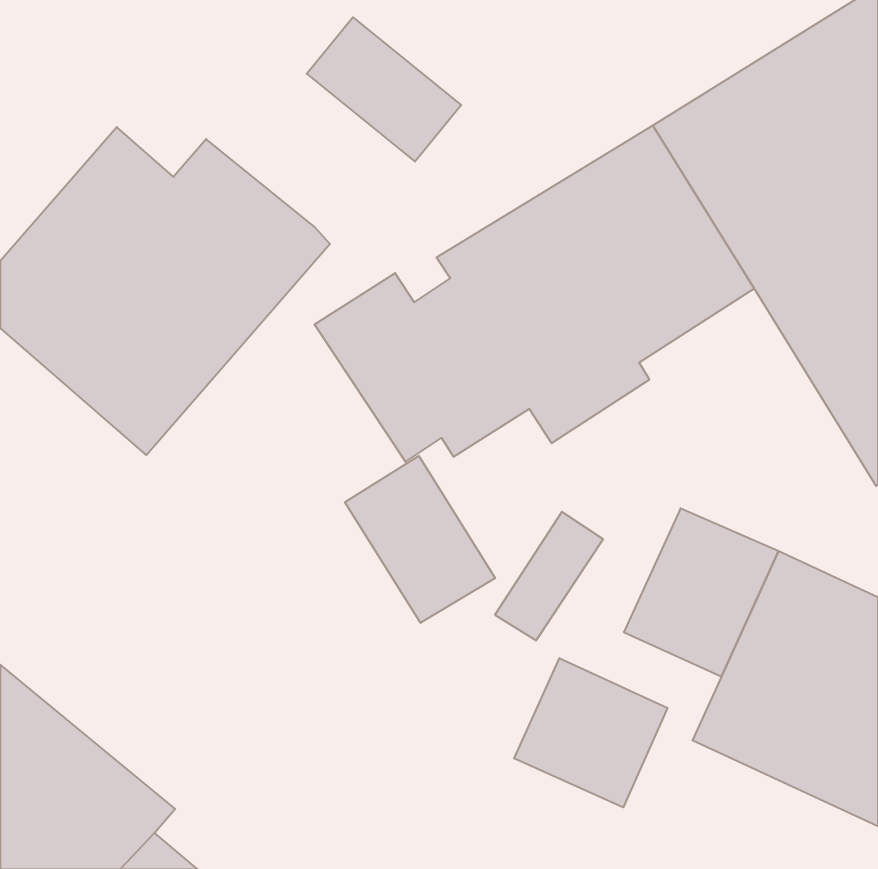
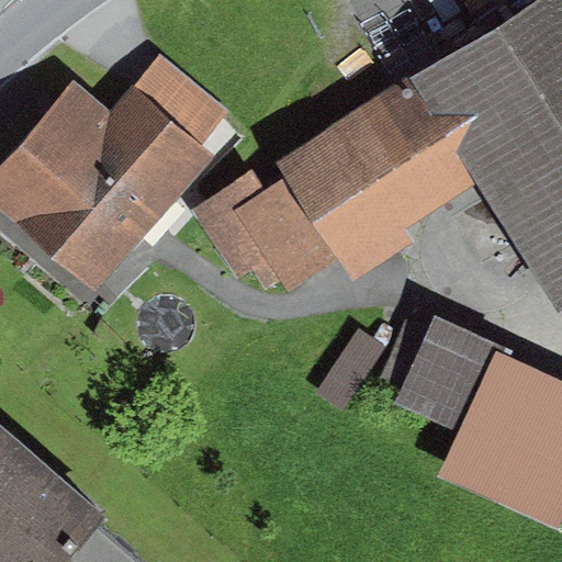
building: [307,17,461,162] -> [132,53,231,145]
building: [345,456,495,623] -> none
building: [514,658,667,807] -> none

